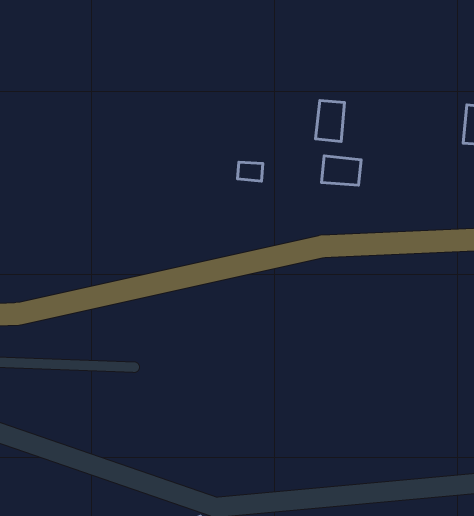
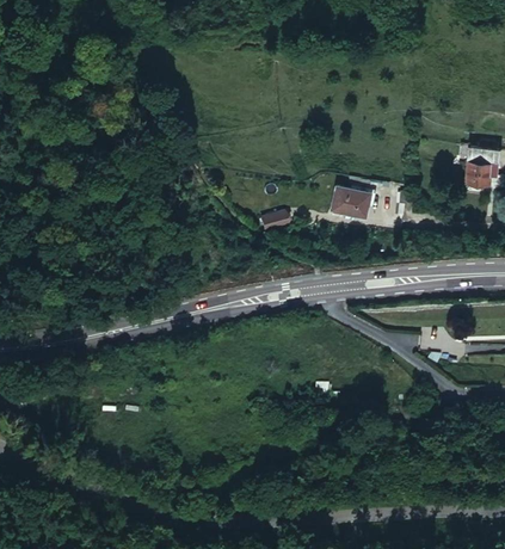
building: [315,100,345,141] -> none

